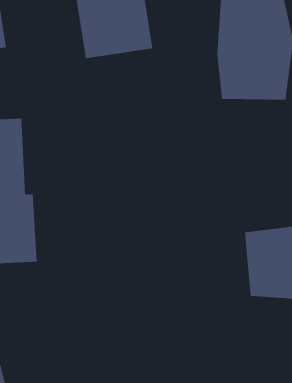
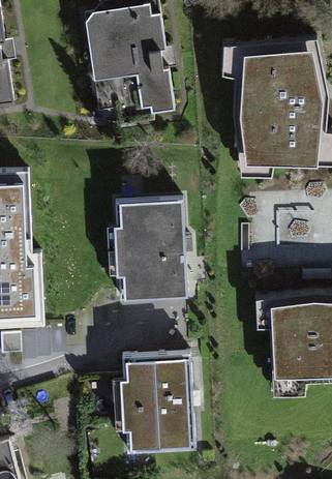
building: none -> [114,200,187,300]
building: none -> [122,354,193,445]

